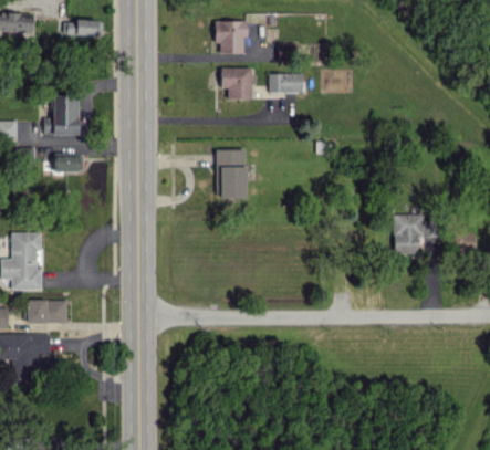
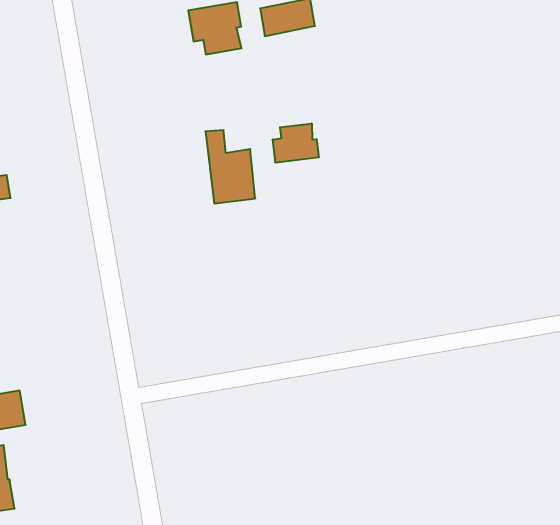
building: none -> [273,123,319,163]
building: [393,213,437,254] -> none

